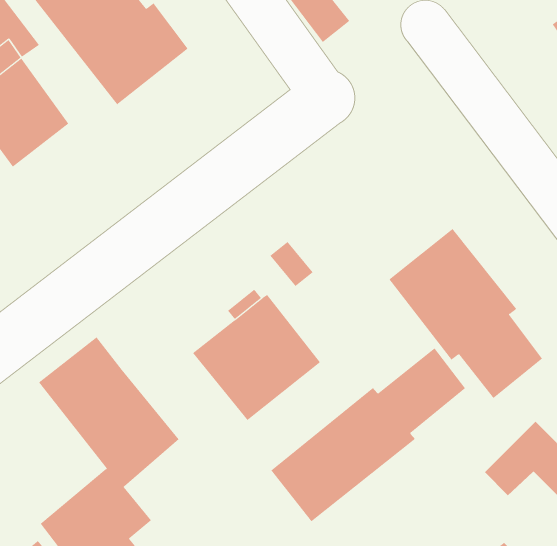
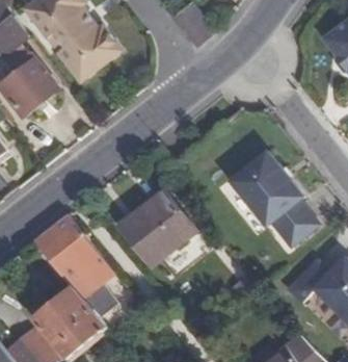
building: [270,347,466,522] -> none

